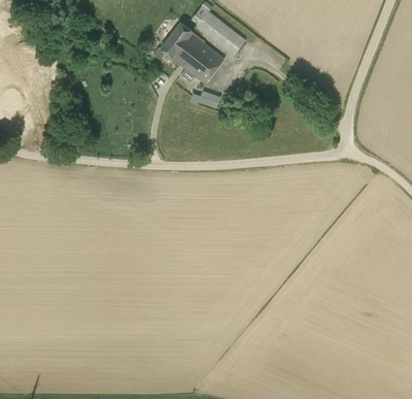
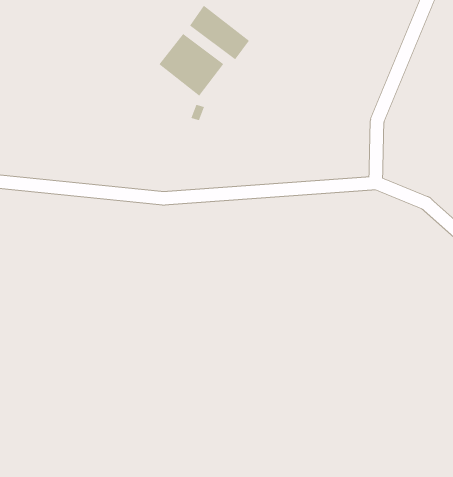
building: [159,20,191,57] -> none

